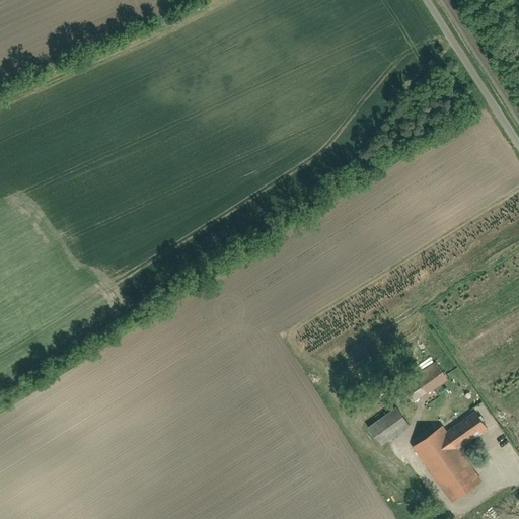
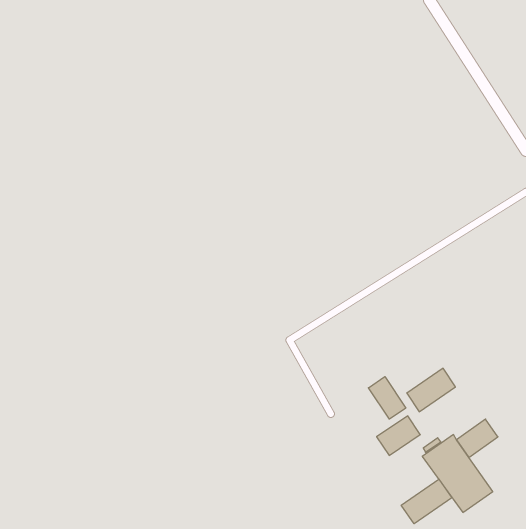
building: none -> [368,377,406,419]
building: none -> [401,479,452,524]

